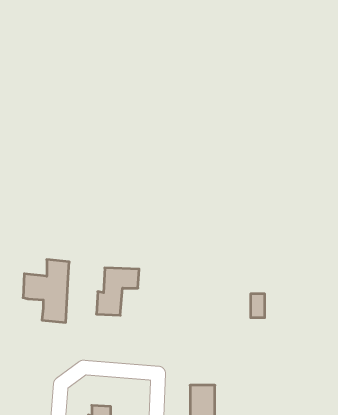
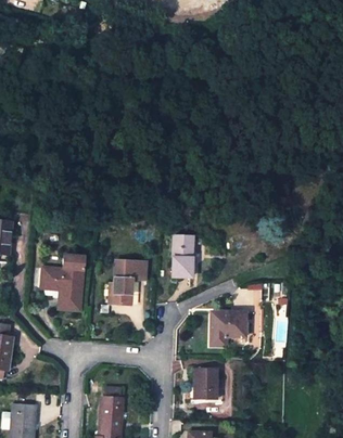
building: none -> [173,234,192,275]
building: none -> [211,311,246,346]

